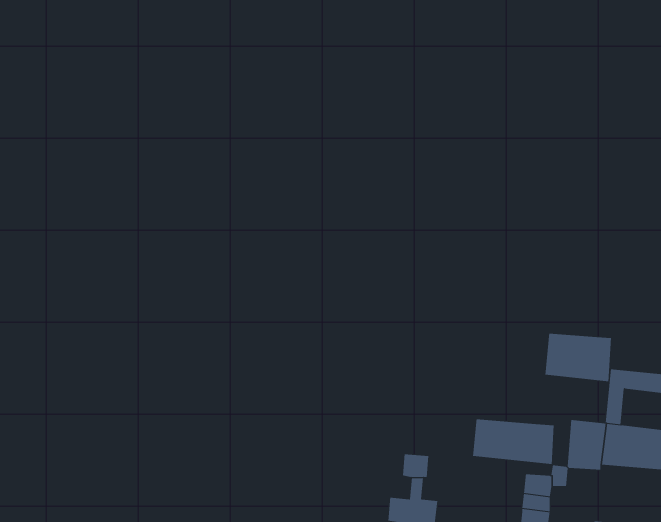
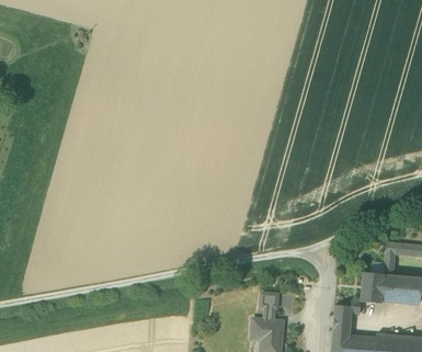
building: [545,333,612,382] -> none
building: [472,419,554,465] -> none

